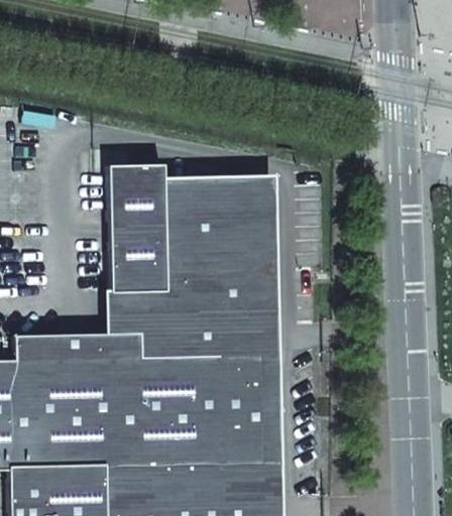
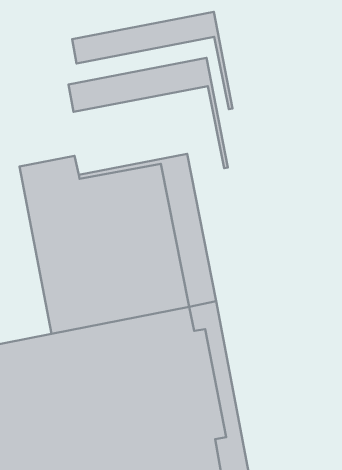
building: none -> [72,12,233,109]
building: none -> [69,58,228,168]

